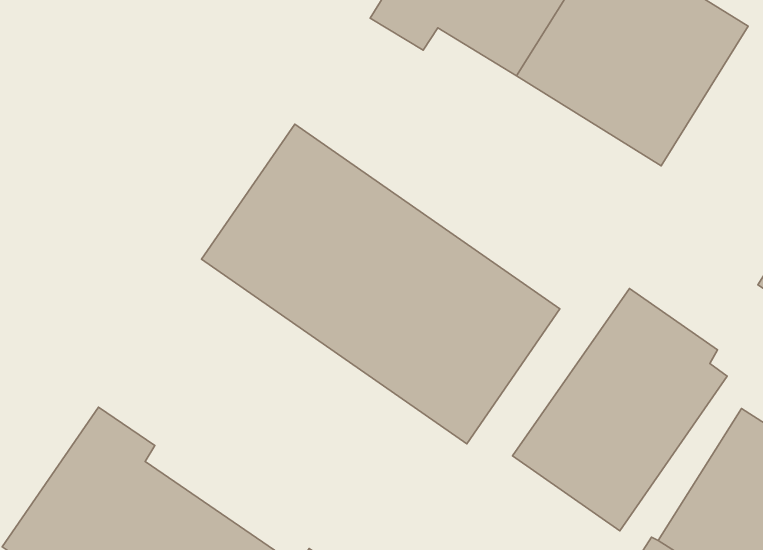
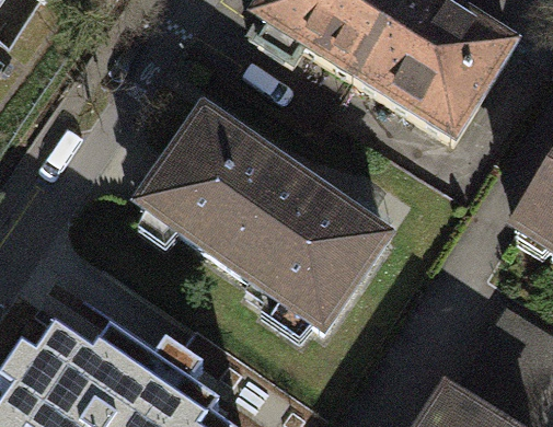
building: [513,288,727,531] -> none

